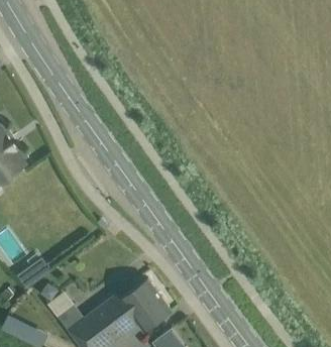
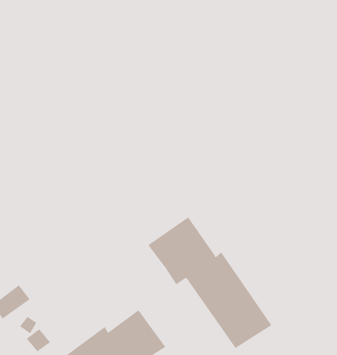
building: none -> [147,216,272,349]

